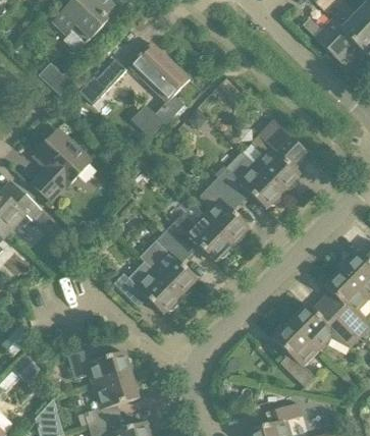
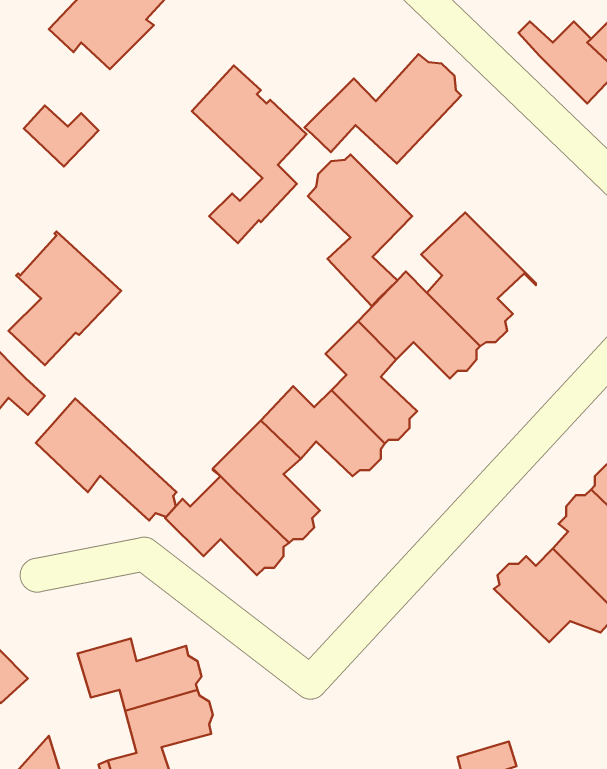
building: none -> [304,54,461,163]
building: [78,58,126,104] -> none
building: none -> [308,155,412,306]
building: none -> [36,399,176,520]
building: [273,320,319,386] -> none

